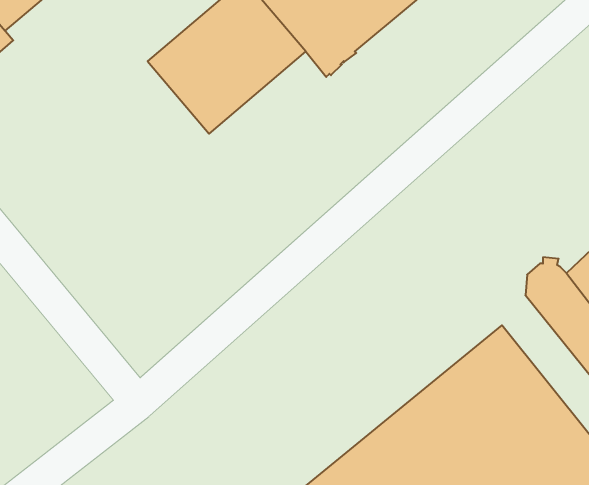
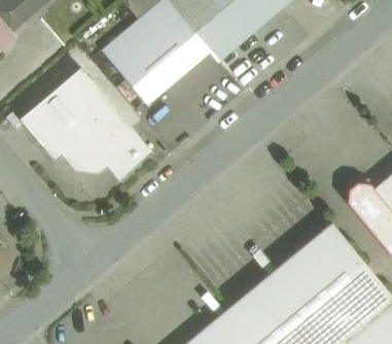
building: none -> [20,64,157,180]

